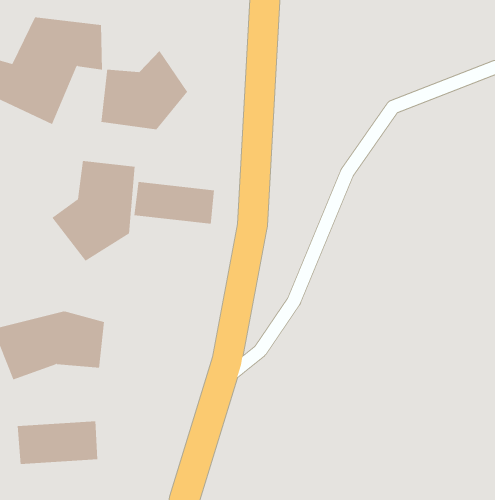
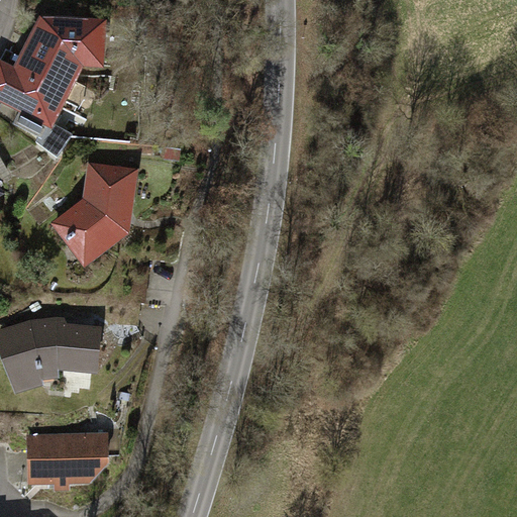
building: [101,50,188,130] -> none
building: [134,181,215,224] -> none

